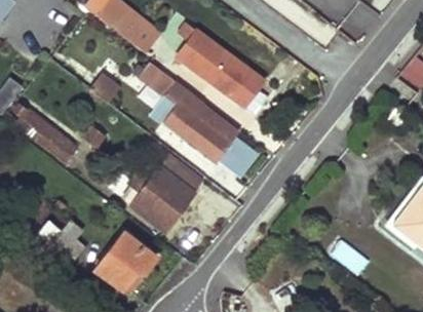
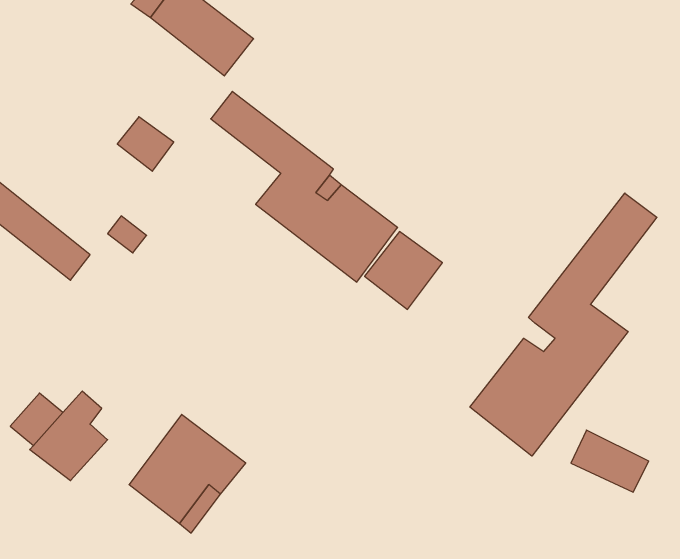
building: [187,31,265,107] -> none
building: none -> [470,193,657,456]
building: [128,155,203,232] -> none

